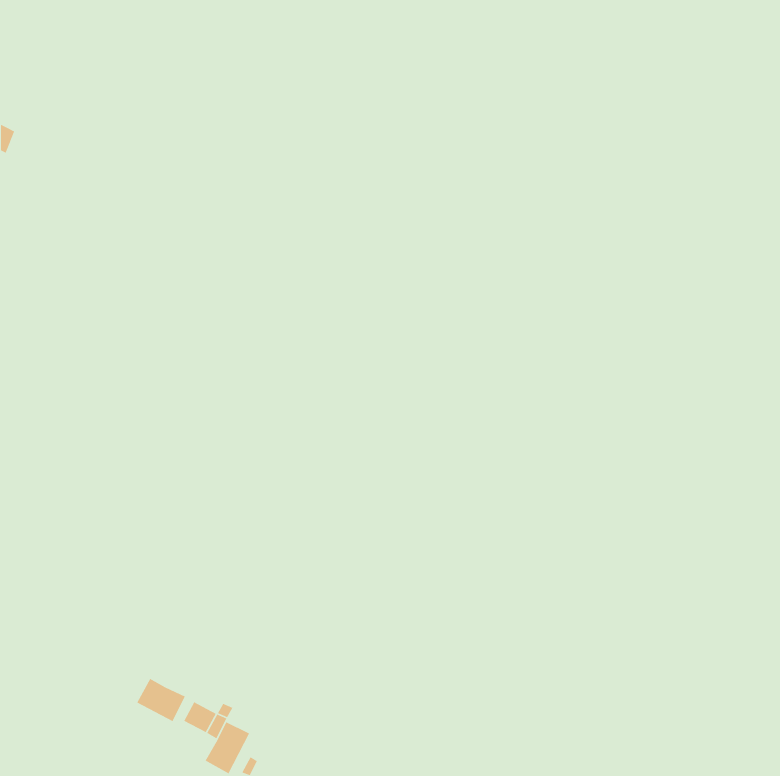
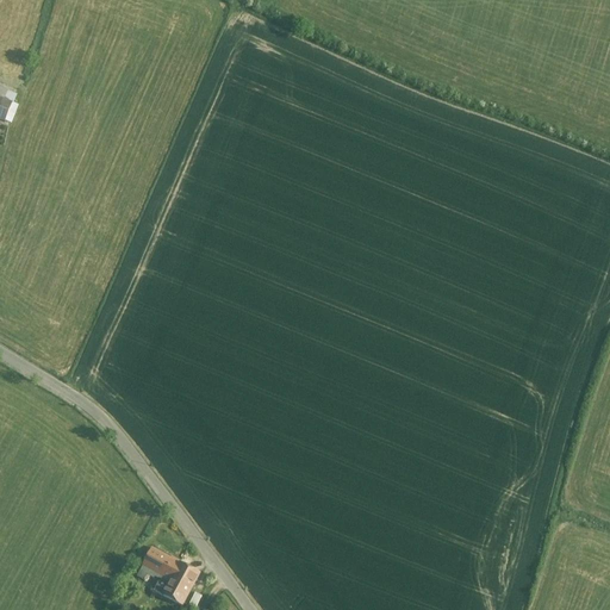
building: [136,678,186,722] -> none

